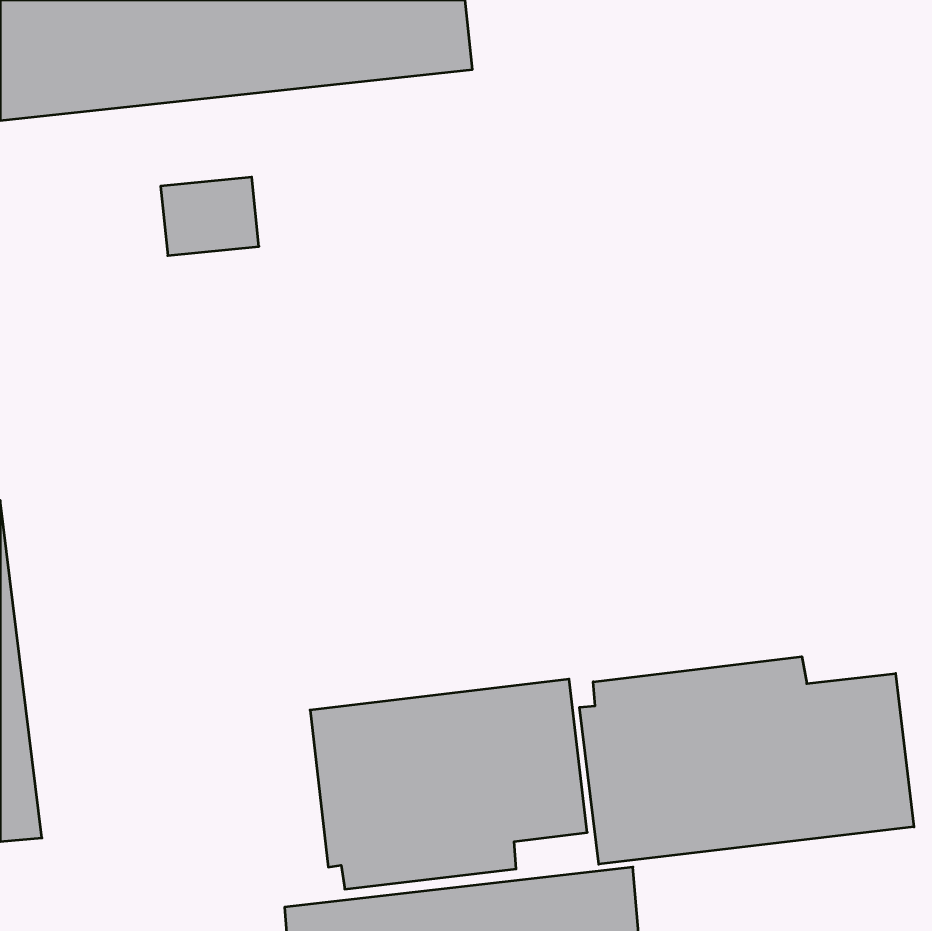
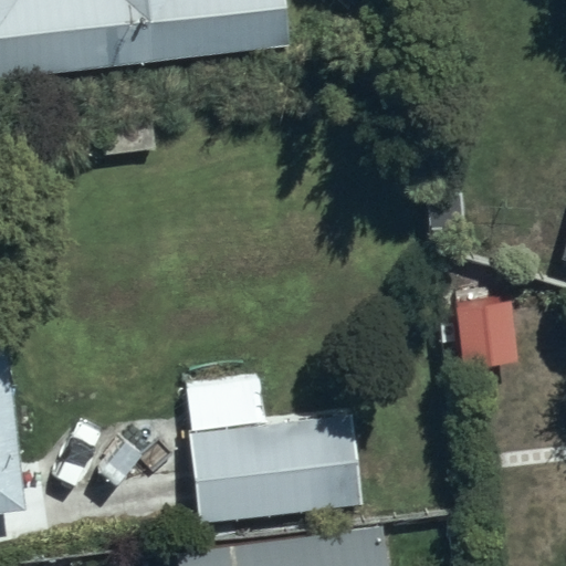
building: [580,657,914,864] -> none

